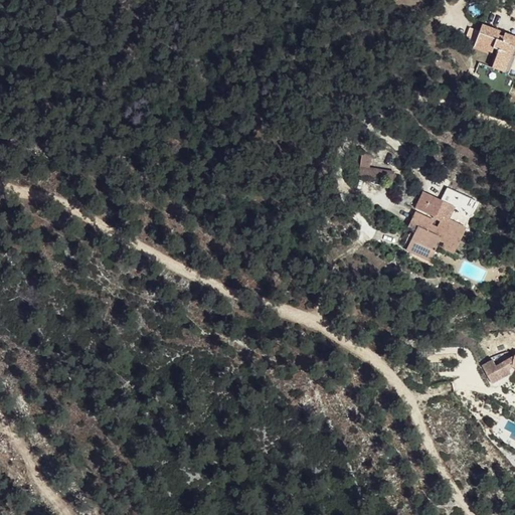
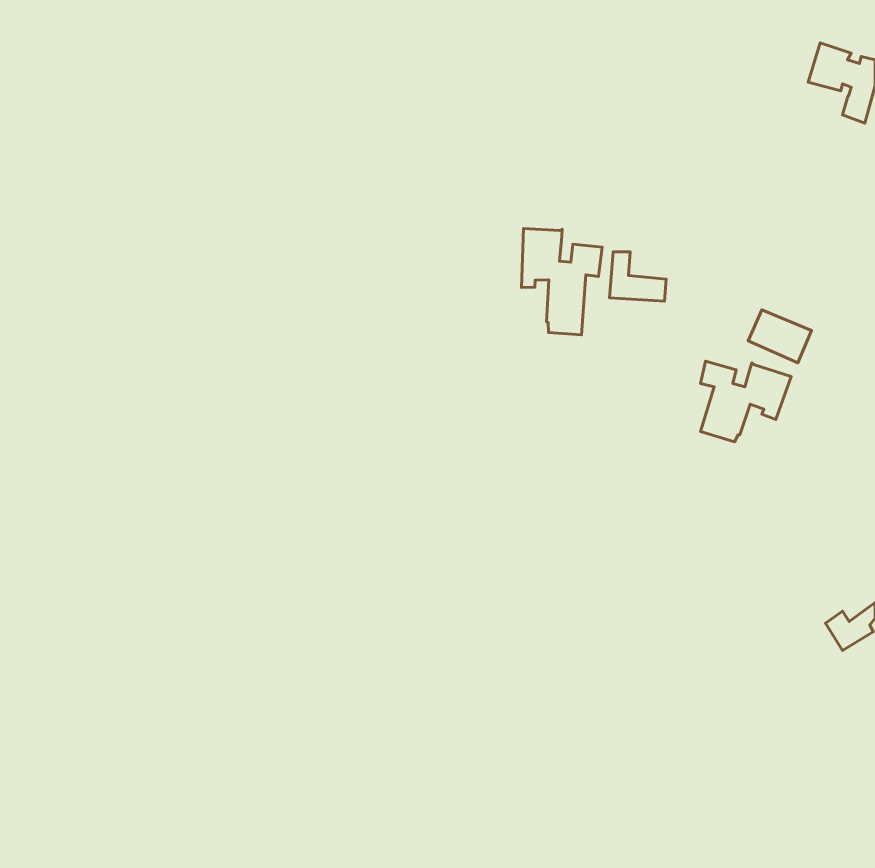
building: none -> [521,229,602,335]
building: [414,190,444,216] -> none

